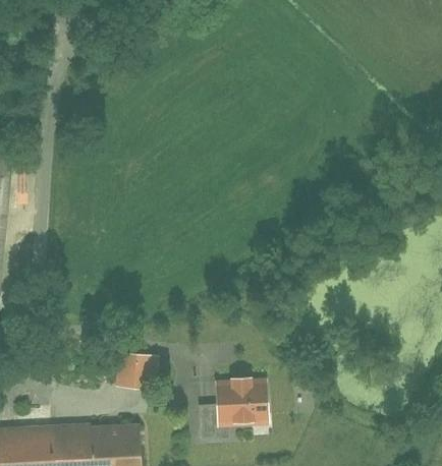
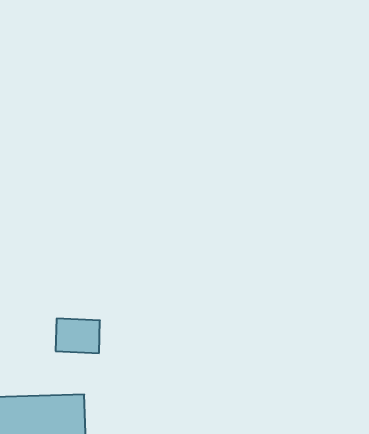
building: [209,388,259,428] -> none

